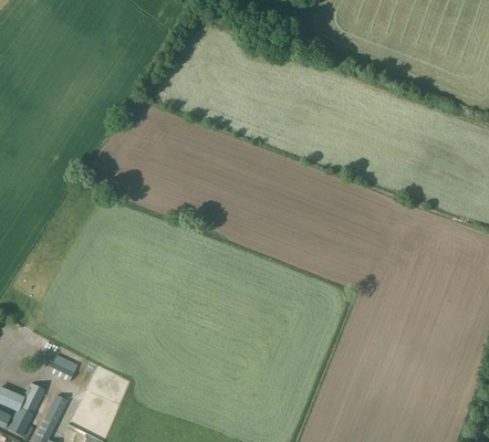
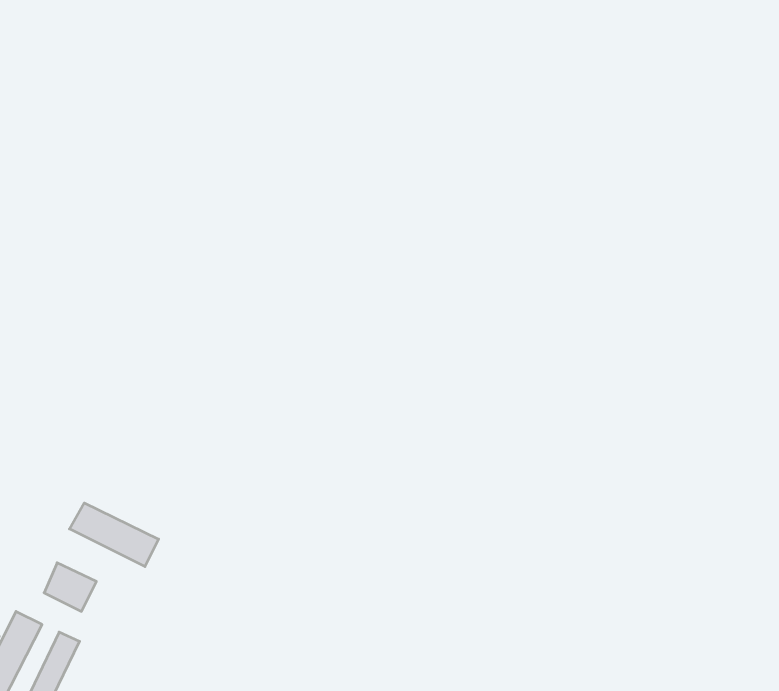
building: none -> [69,503,159,567]

